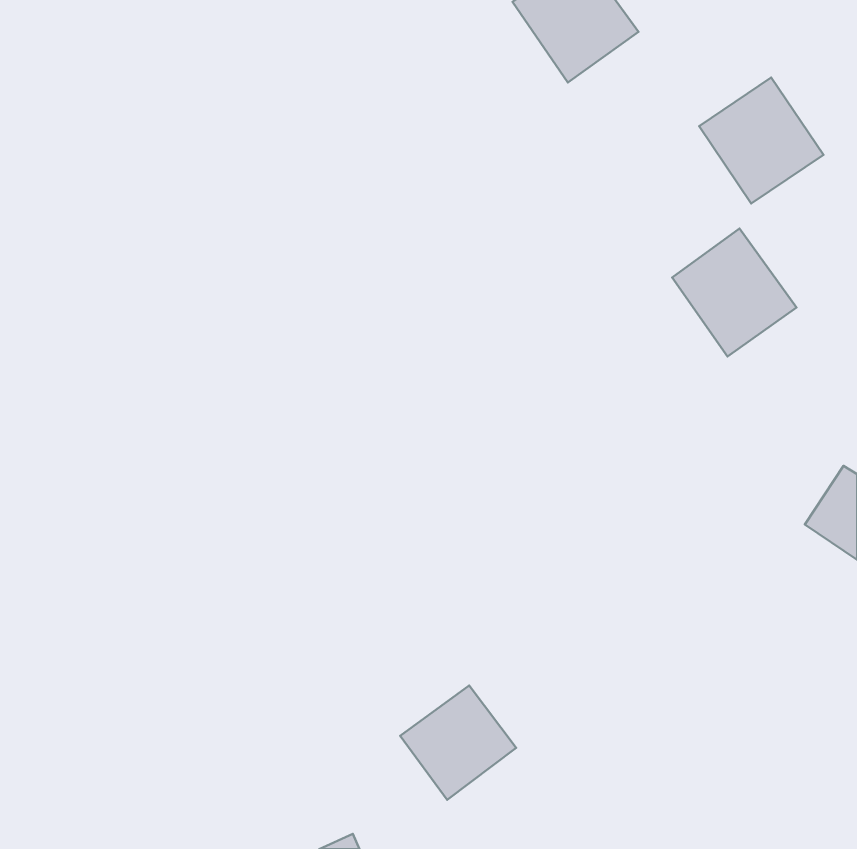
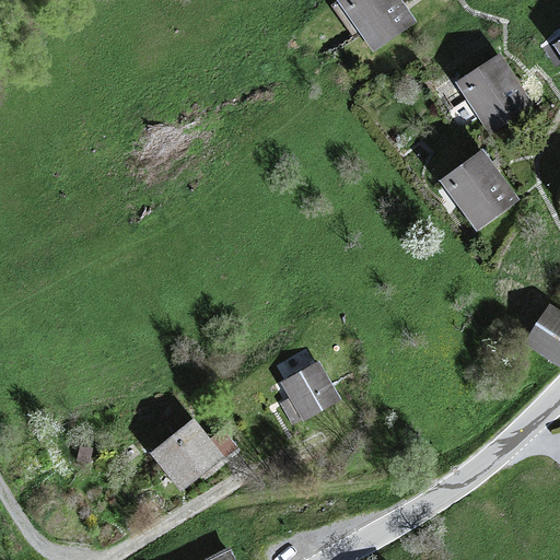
building: none -> [279,360,339,420]
building: [400,686,516,800] -> [154,420,230,494]

